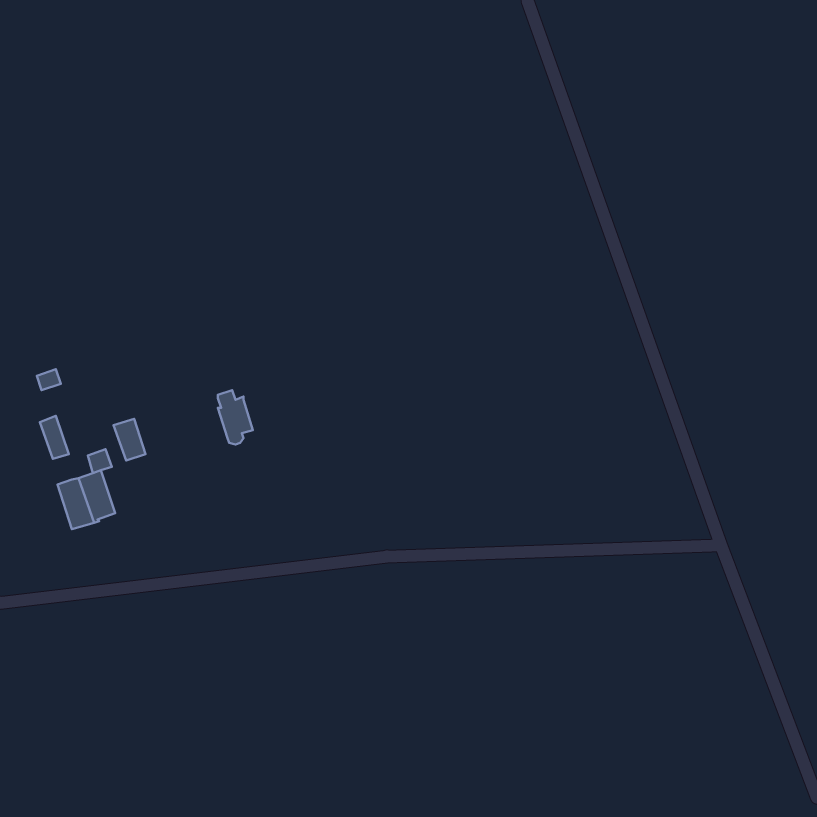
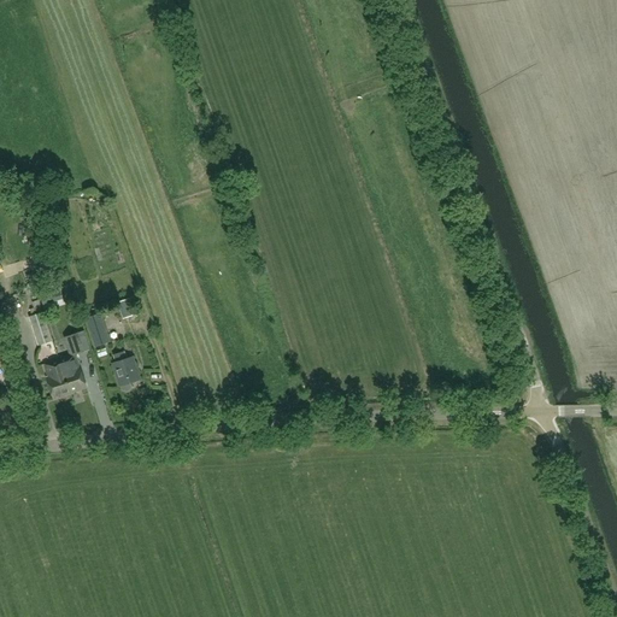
building: [218,390,253,445] -> [113,351,140,392]

